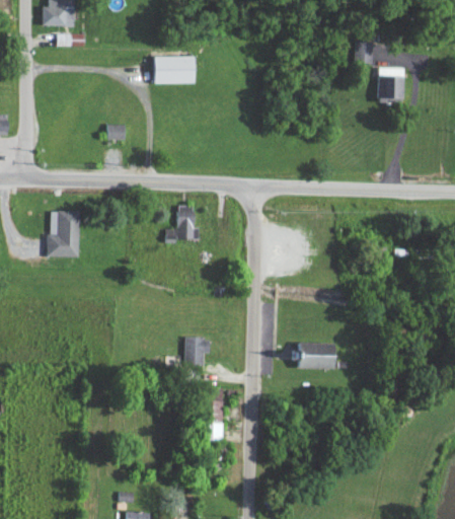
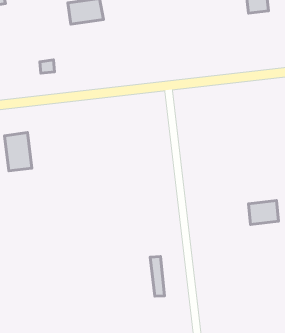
building: [166,205,199,243] -> none
building: [185,338,211,366] -> none
building: [297,342,333,369] -> [248,200,279,224]

